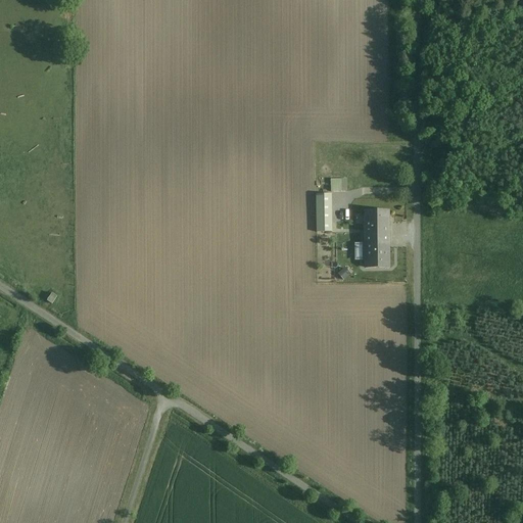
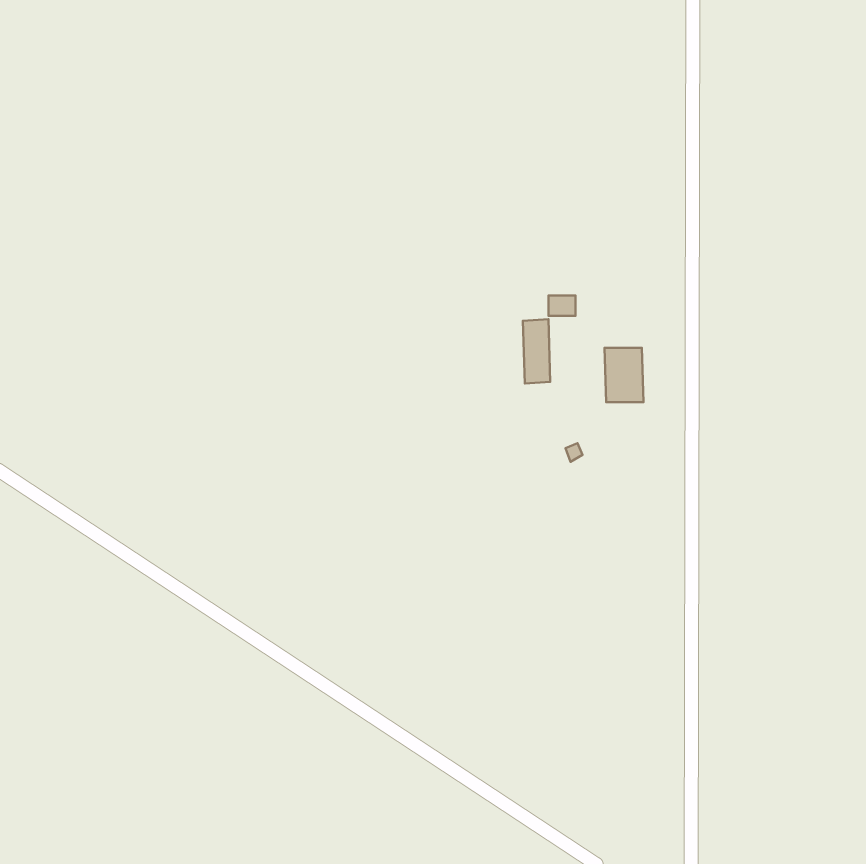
building: [362,242,387,266] -> none

